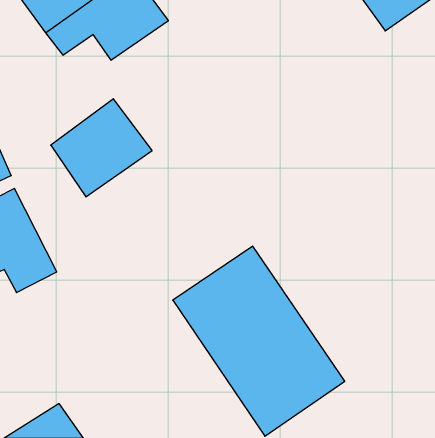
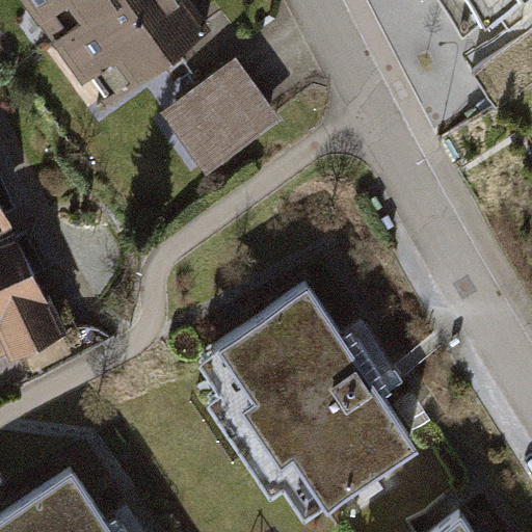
building: [51,99,152,197] -> [159,57,282,176]

